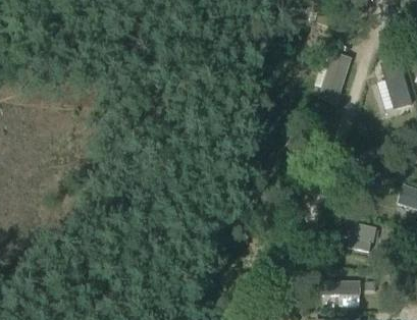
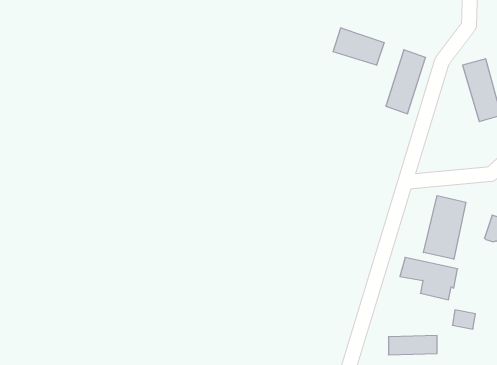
building: none -> [333,28,384,65]
building: none -> [423,196,466,259]

